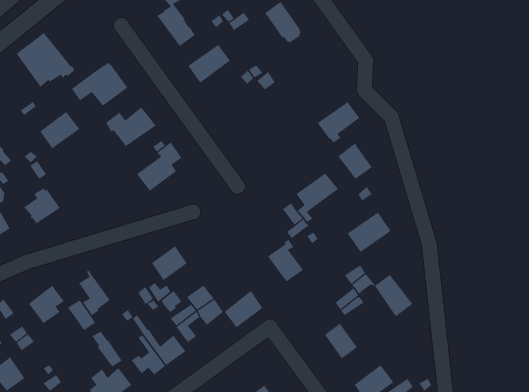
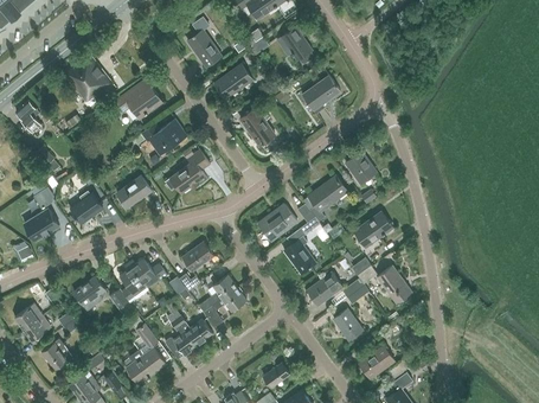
building: none -> [240,104,275,146]
building: [317,101,360,143] -> [302,77,340,114]
building: [40,111,80,149] -> [117,175,153,209]
building: none -> [259,205,297,241]
building: none -> [128,258,168,289]
building: [224,290,263,328] -> [308,273,342,306]

